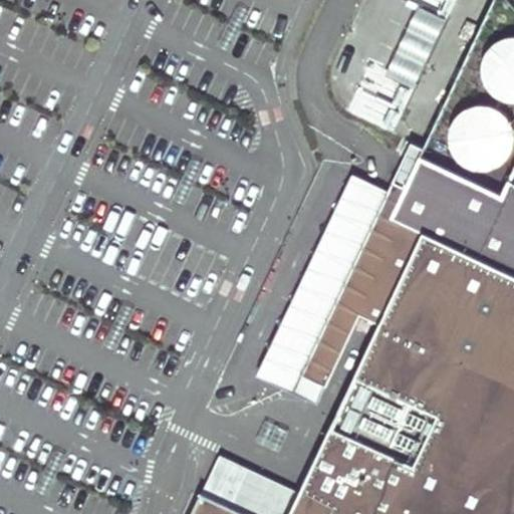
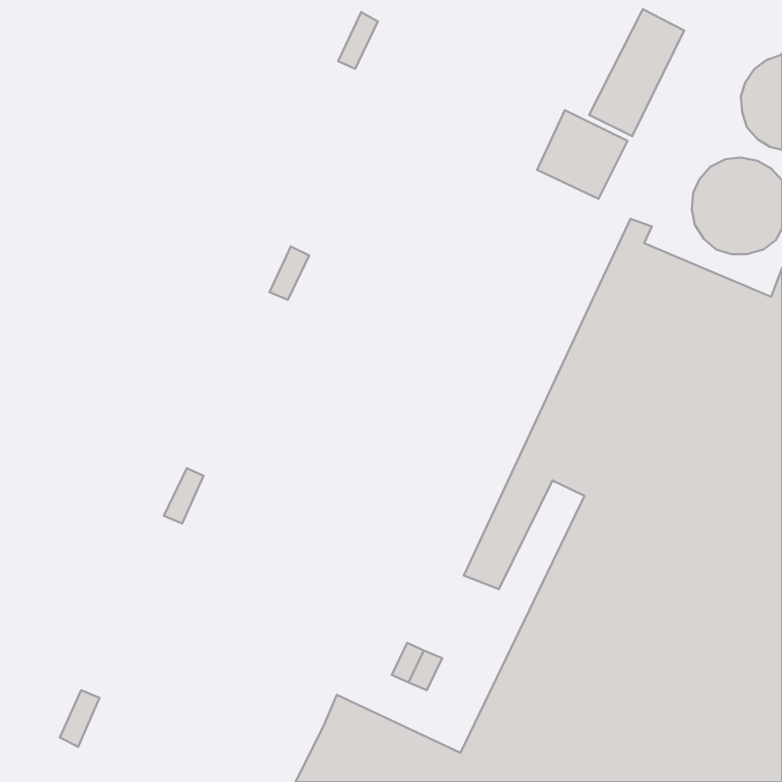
building: [259,176,391,405] -> none

